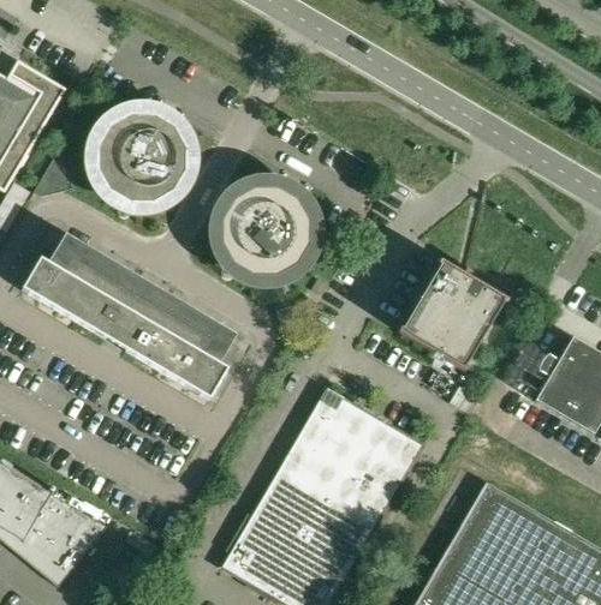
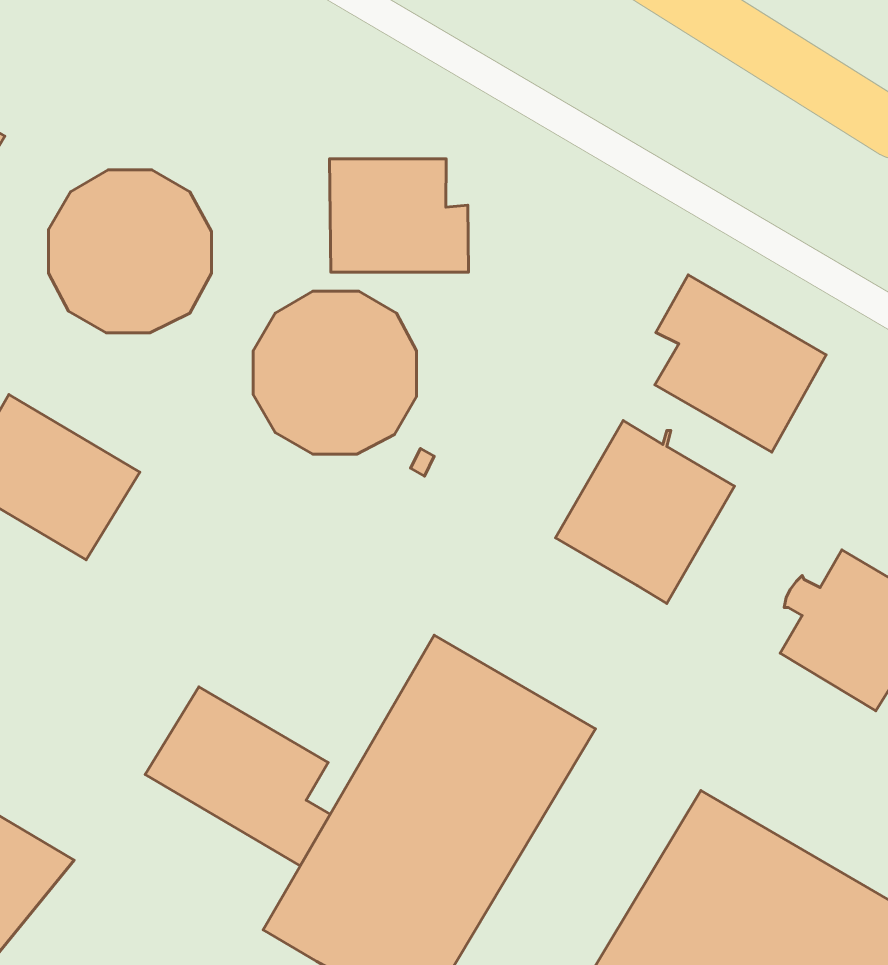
building: none -> [330,159,469,272]
building: none -> [655,275,826,452]
building: [114,290,226,399] -> [145,687,330,866]

